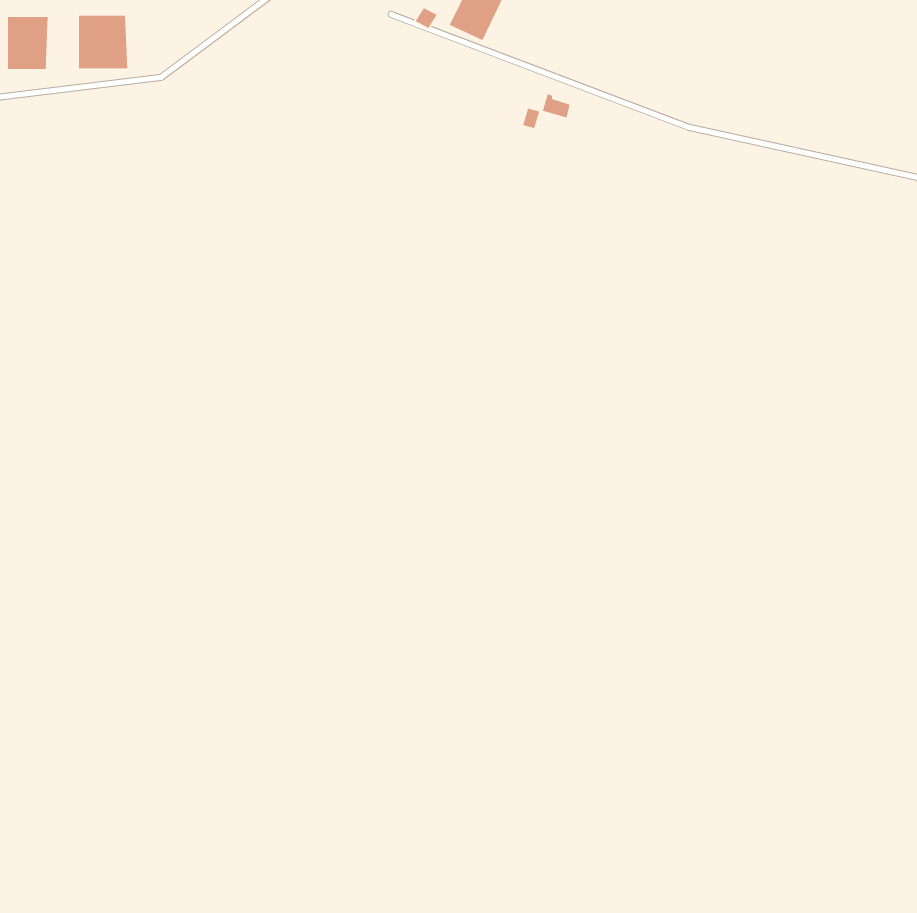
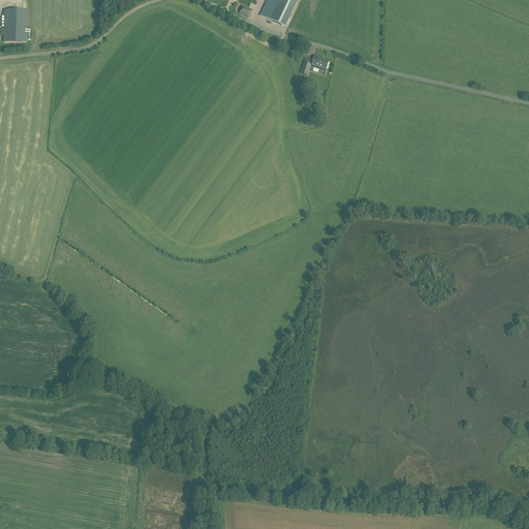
building: [78,15,128,69] -> none

